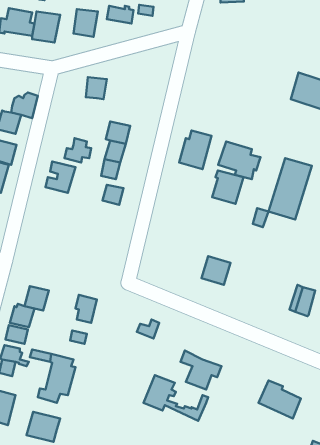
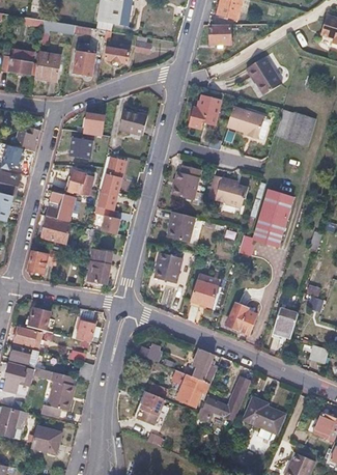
building: none -> [248,55,284,92]
building: none -> [189,93,221,128]
building: none -> [227,106,264,139]
building: none -> [119,108,149,134]
building: none -> [68,136,93,158]
building: [212,170,243,204] -> [167,209,196,241]
building: none -> [40,218,69,242]
building: none -> [85,248,111,283]
building: none -> [27,249,59,272]
building: none -> [155,249,182,280]
building: none -> [227,302,257,333]
building: none -> [193,346,215,383]
building: none -> [196,376,250,423]

